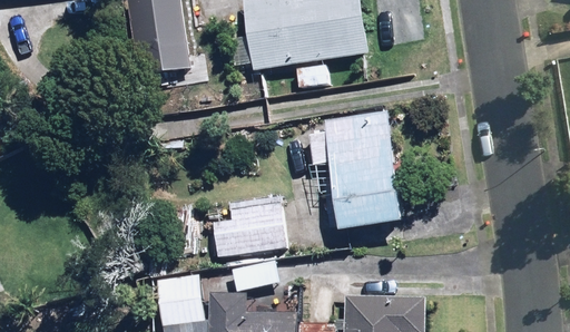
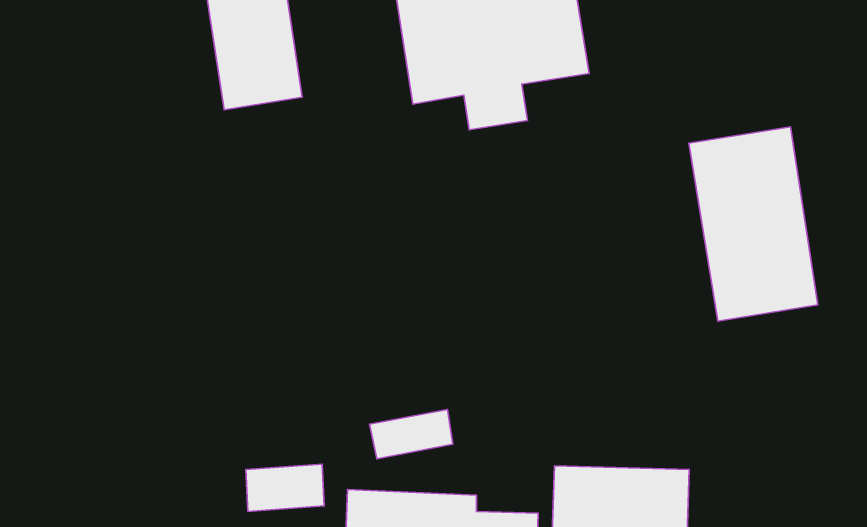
building: [324,108,403,227] -> [689,127,818,321]
building: [209,201,285,253] -> none

